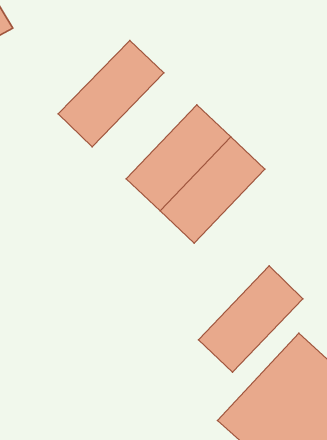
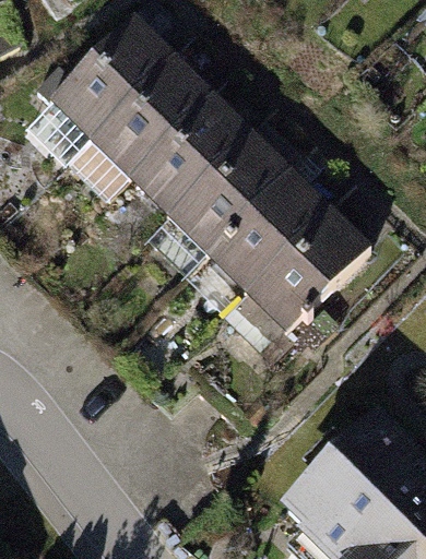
building: none -> [39,11,168,141]
building: none -> [122,91,250,221]
building: [198,266,303,372] -> [247,209,375,338]

